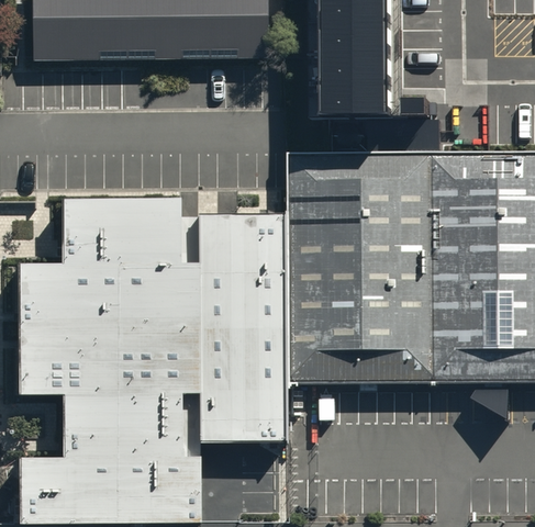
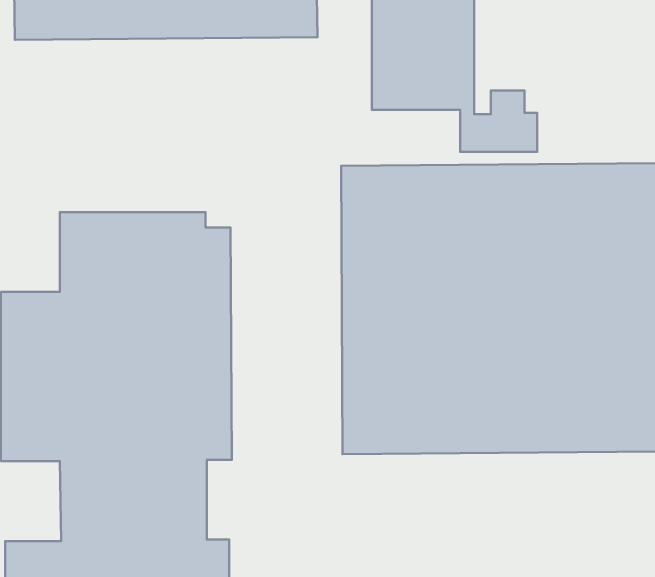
building: [204,212,287,440] -> none

